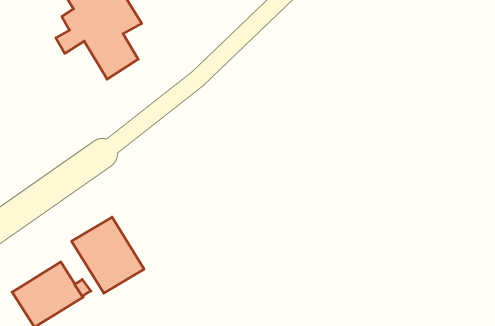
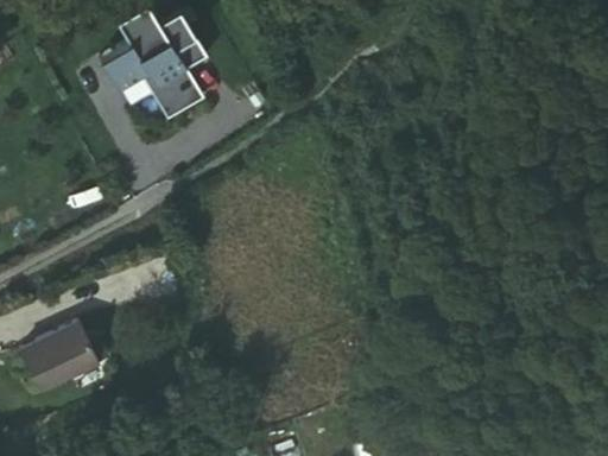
building: [72,217,144,293] -> none

